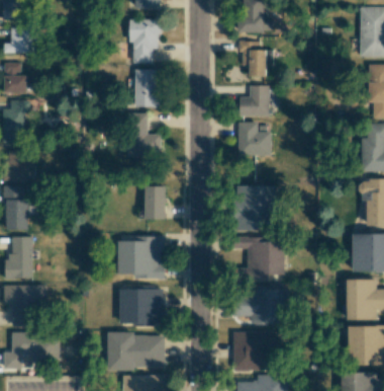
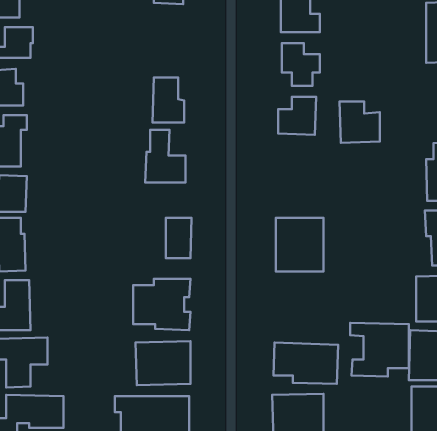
building: [129,18,160,63] -> none
building: [237,122,271,156] -> [340,101,380,143]
building: [235,237,284,282] -> [350,323,409,377]

